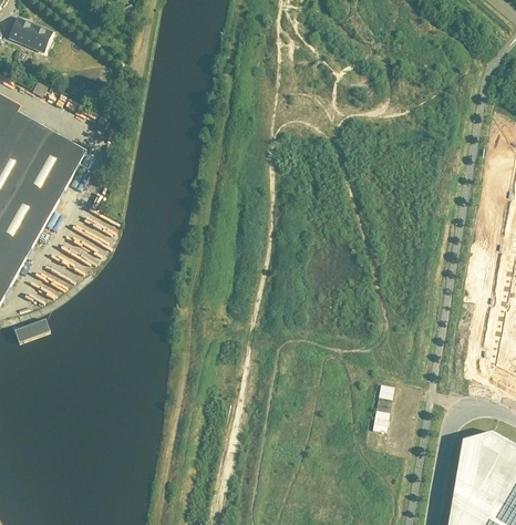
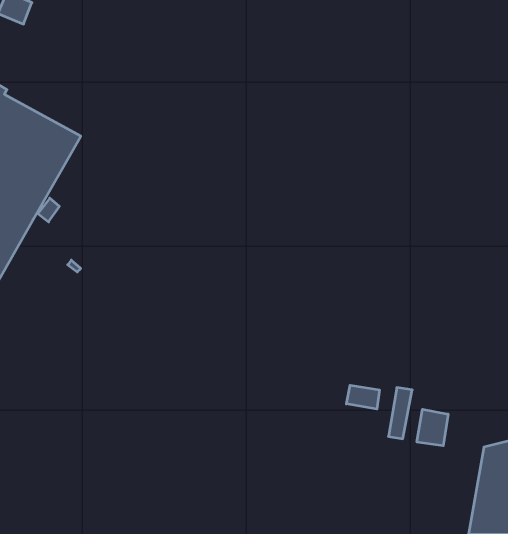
building: none -> [346,385,379,409]
building: none -> [417,409,448,446]

